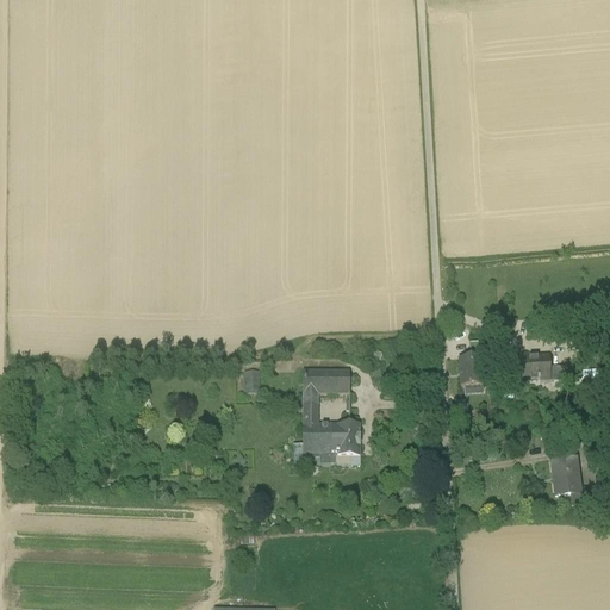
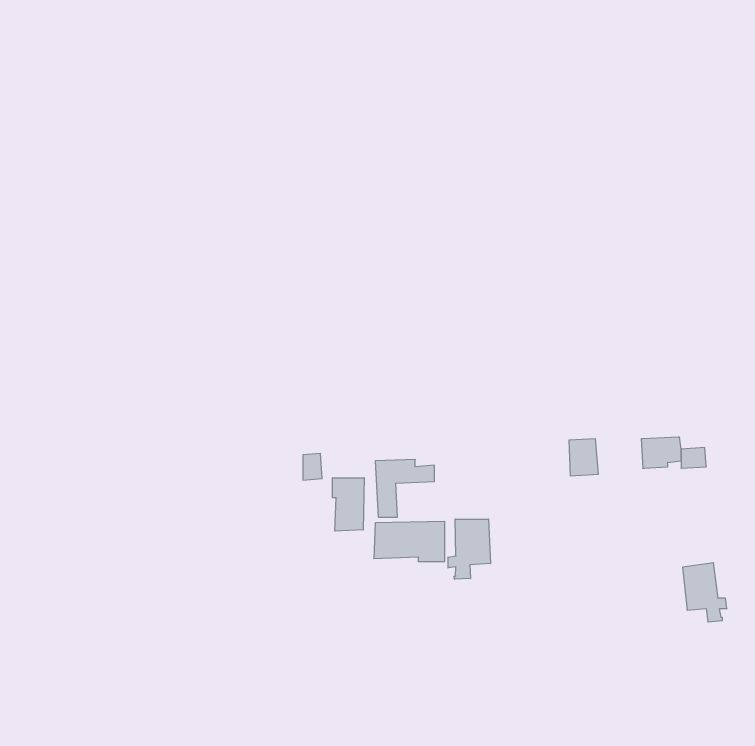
building: none -> [333,478,364,531]
building: none -> [448,519,490,579]

